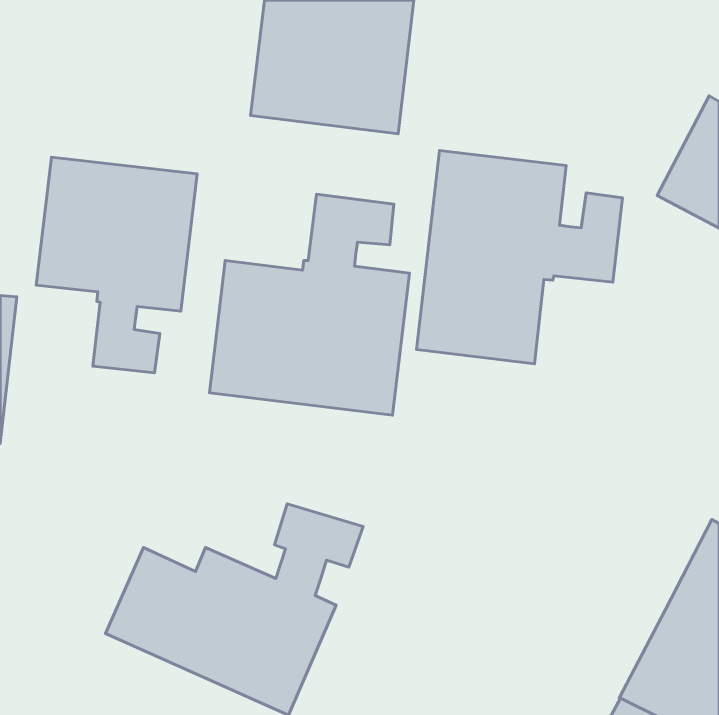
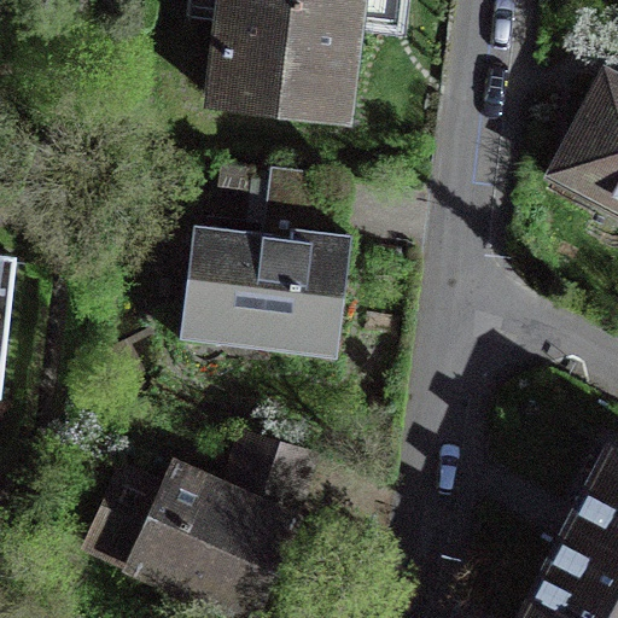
building: [416,150,622,364] -> none
building: [36,157,197,373] -> none

